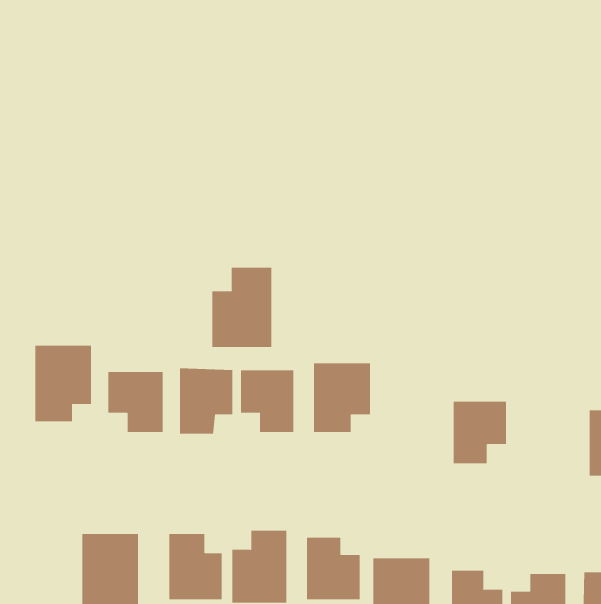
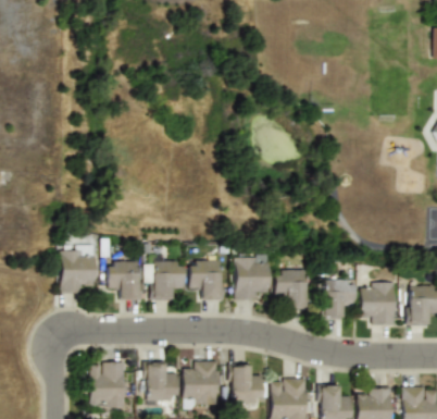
building: [212,267,272,348] -> none
building: none -> [275,269,308,308]
building: none -> [363,282,396,325]

